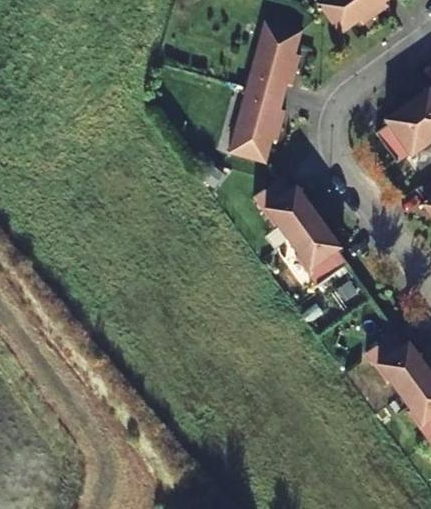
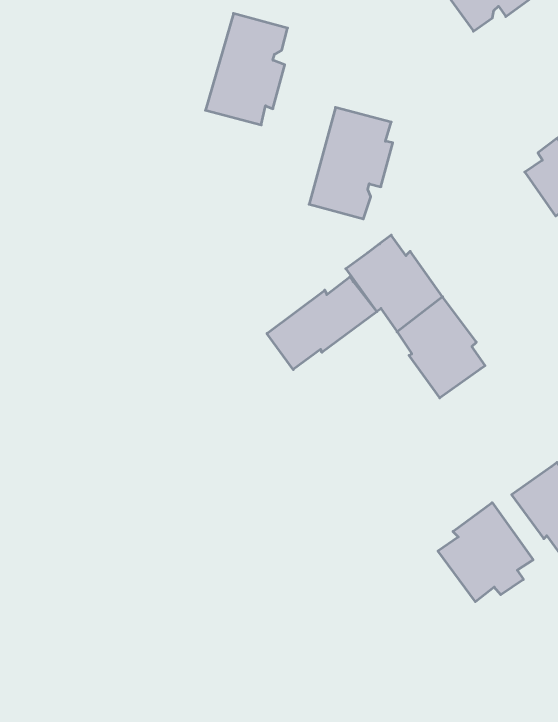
building: [246,22,302,98] -> [205,13,288,125]
building: none -> [267,277,377,370]
building: none -> [438,503,533,602]

